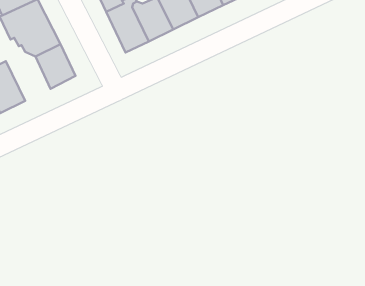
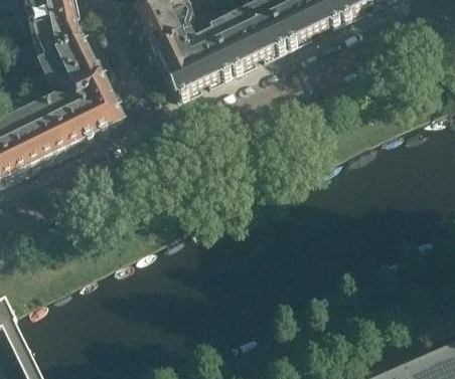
building: none -> [46,90,95,144]

